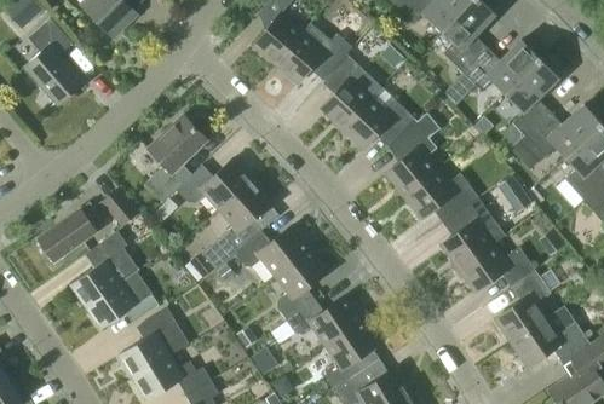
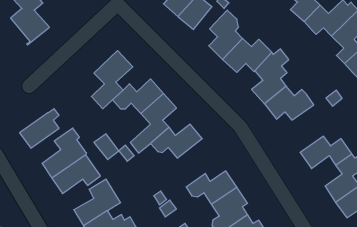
building: [100,189,138,227] -> [94,134,119,160]
building: [439,198,504,269] -> none
building: [272,248,327,321] -> none

